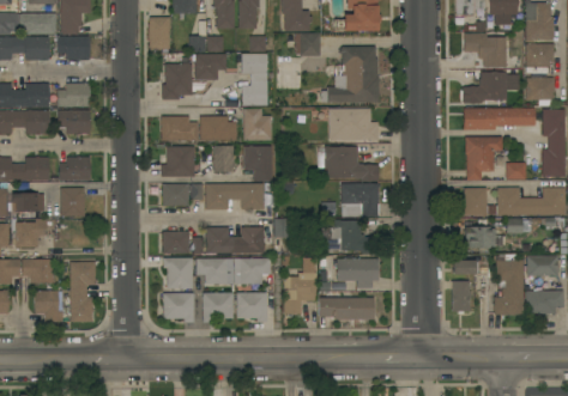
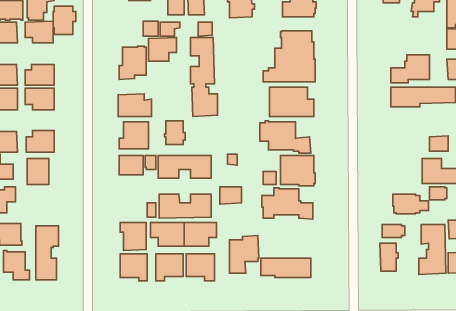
building: [147,18,173,49] -> [53,6,76,34]
building: [294,33,320,56] -> none
building: [464,33,506,67] -> none
building: [199,116,236,141] -> none
building: [464,138,502,181] -> none
building: [243,146,272,182] -> none
building: [464,188,496,217] -> none
building: [162,232,188,254] -> none
building: [337,258,377,288] -> none

